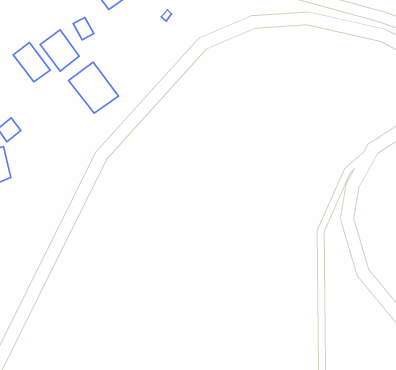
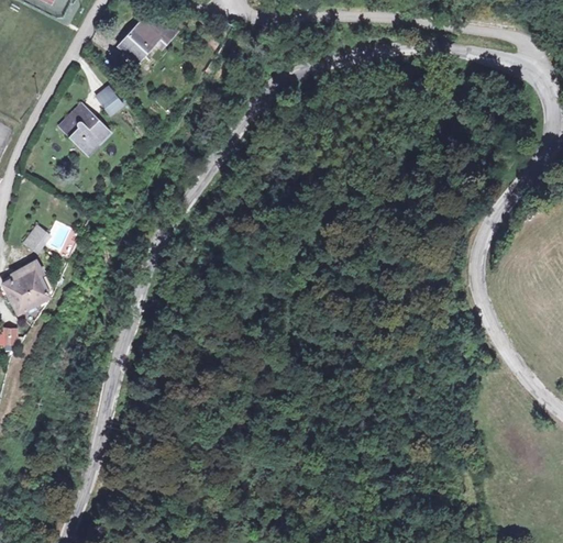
building: [13,42,50,82] -> none
building: [69,62,118,113] -> none

